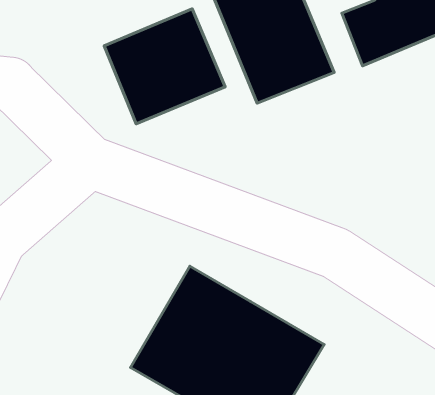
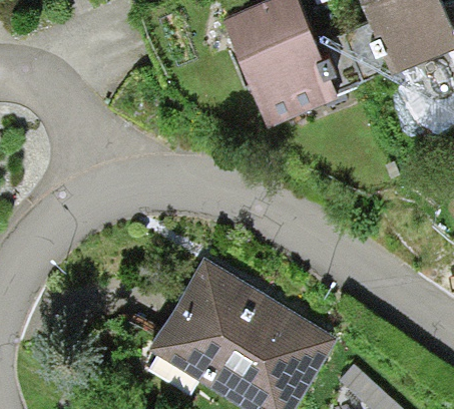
building: [104,9,225,124] -> none

